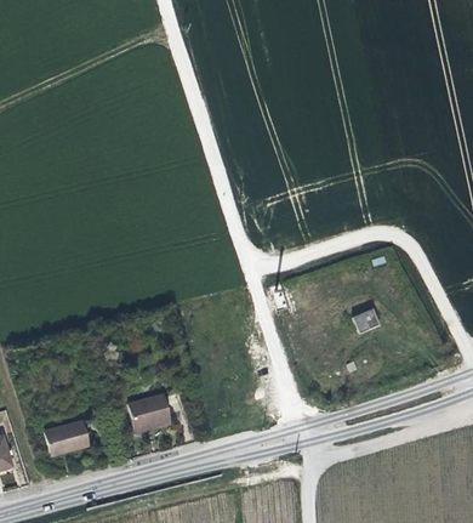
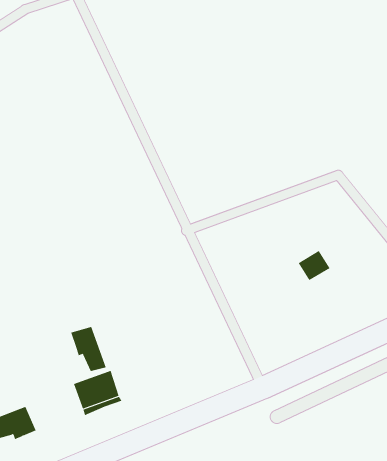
building: none -> [71,326,106,372]

